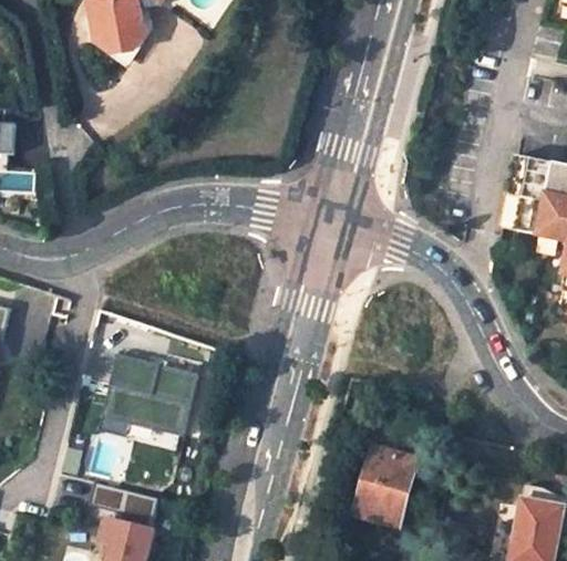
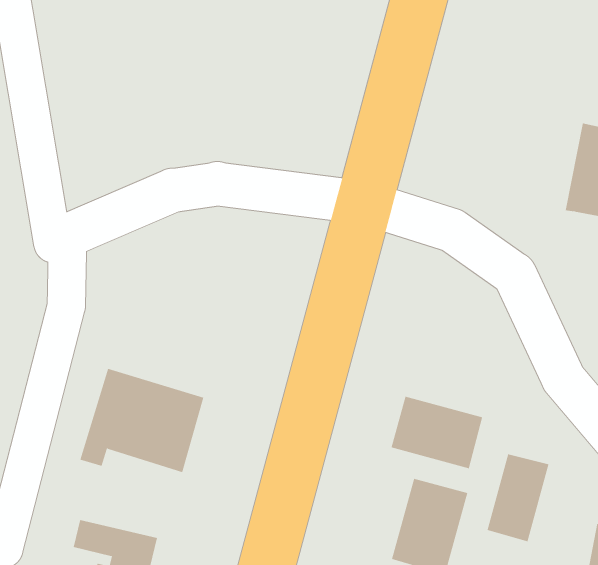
building: none -> [391,396,483,469]
building: none -> [487,453,549,542]

